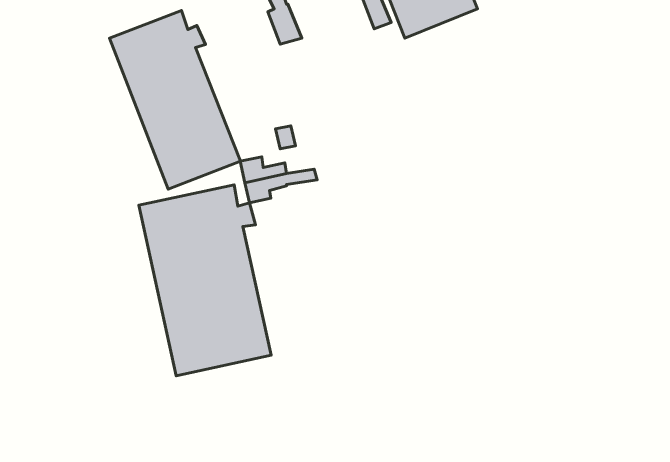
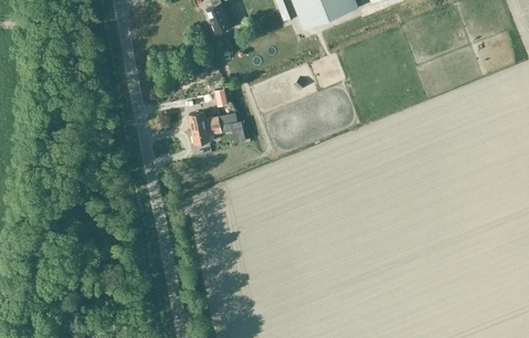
building: [109,10,240,189] -> none
building: [139,185,271,376] -> none

